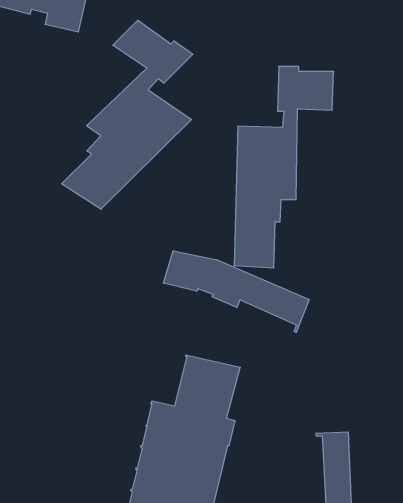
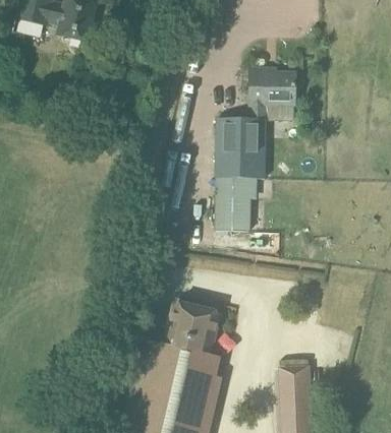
building: [62,20,193,209] -> none
building: [163,251,309,332] -> none

